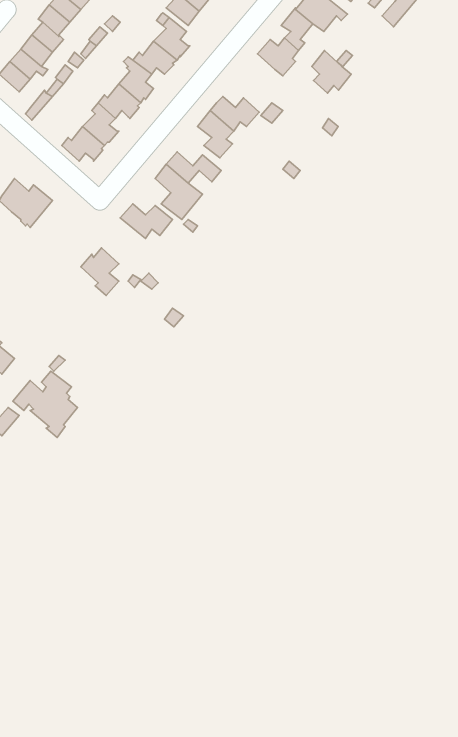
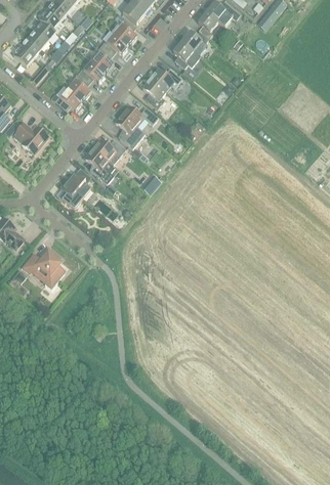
building: [312,51,351,93] -> [173,41,199,69]
building: none -> [85,147,109,179]
building: none -> [56,179,83,209]

